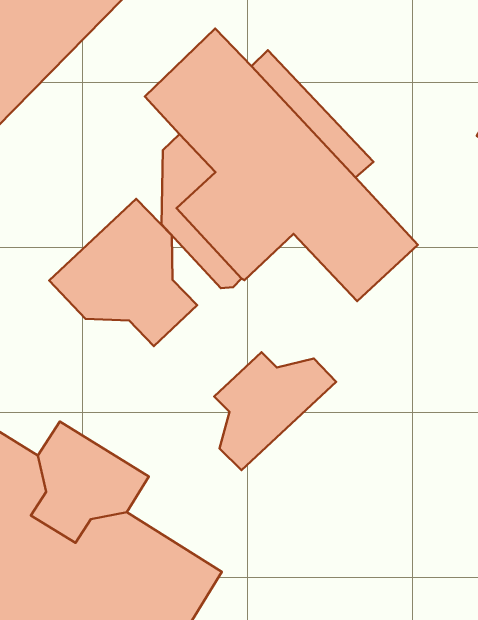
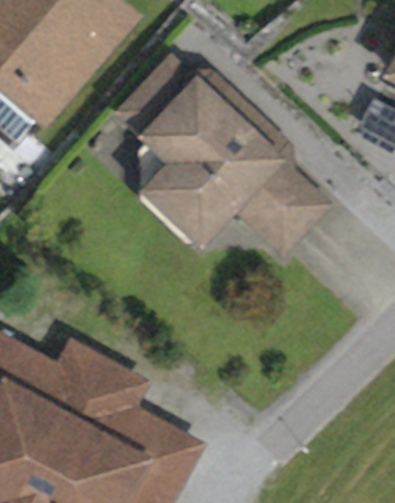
building: [49,199,197,346] -> none
building: [214,352,336,470] -> none

